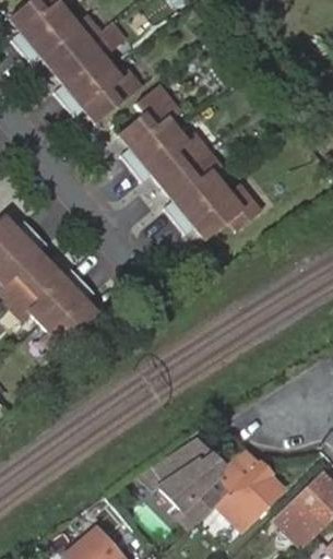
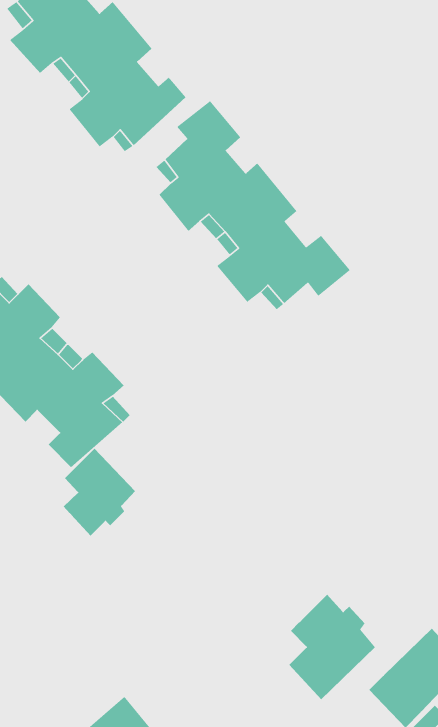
building: none -> [63,448,136,537]
building: [142,442,229,525] -> none

